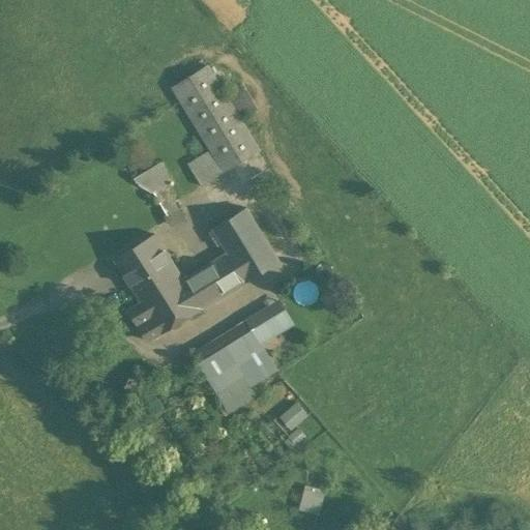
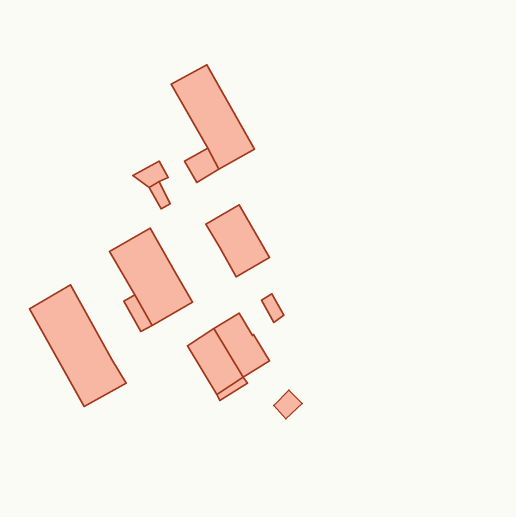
building: [179,254,241,310] -> none
building: none -> [29,285,126,407]
building: [244,307,279,344] -> none
building: [299,485,324,512] -> none

